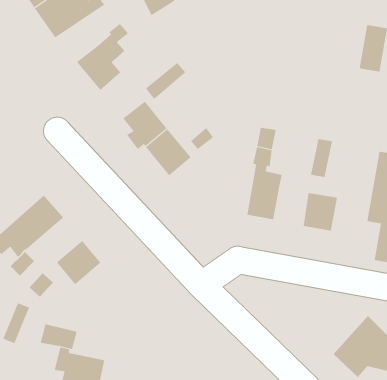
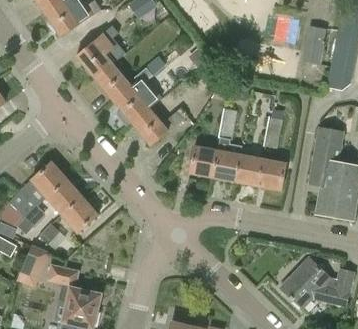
building: none -> [96,63,132,100]
building: none -> [189,146,218,177]
building: none -> [235,154,262,186]
building: none -> [46,179,82,215]

